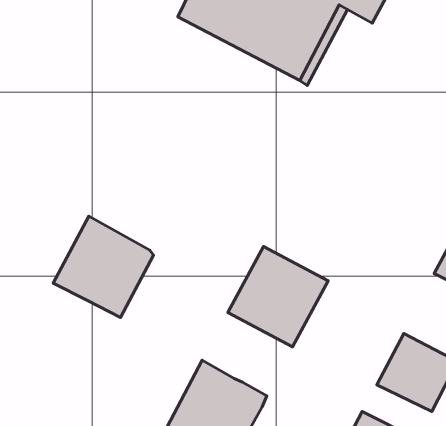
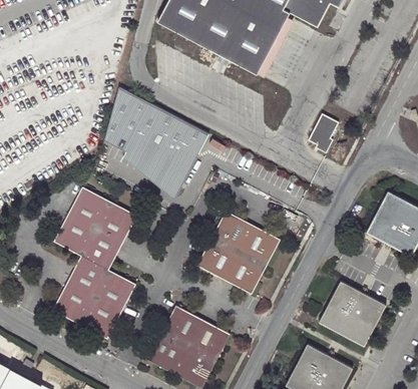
building: none -> [102,87,206,200]
building: none -> [307,114,337,152]
building: none -> [52,255,135,338]

